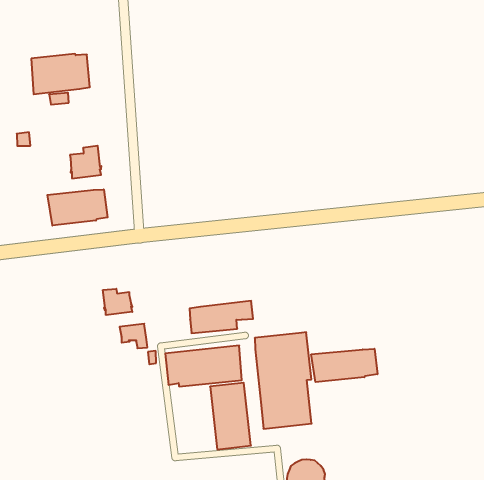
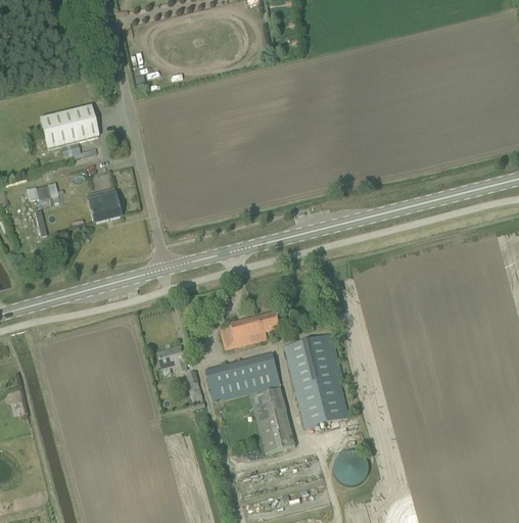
building: [47,189,108,226] -> none
building: [103,289,132,315] -> none
building: [311,349,377,382] -> none

